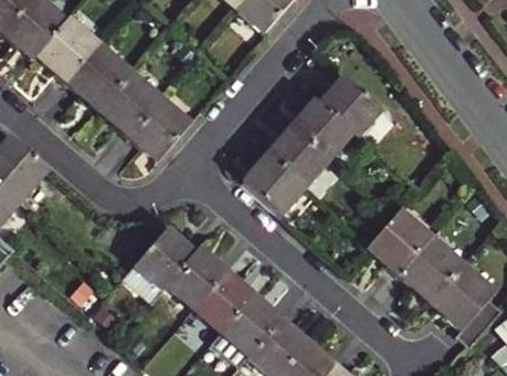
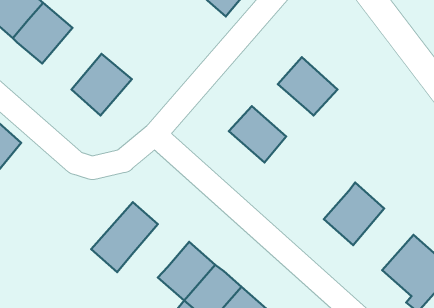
building: [68,45,131,111] -> none
building: [130,100,191,161] -> none
building: [291,101,351,160] -> none
building: [242,155,304,215] -> none
building: [398,237,462,302] -> none
building: [163,249,224,310] -> none

